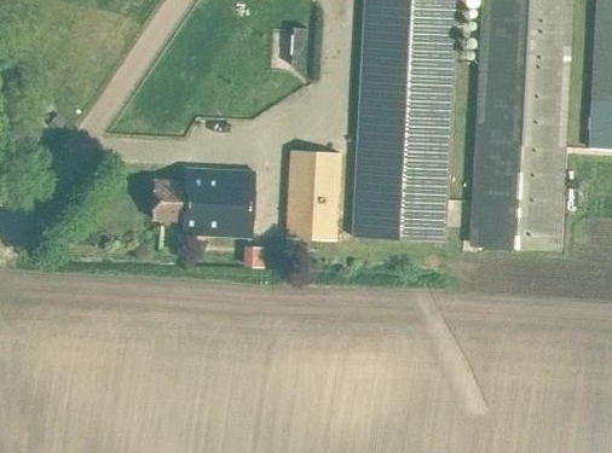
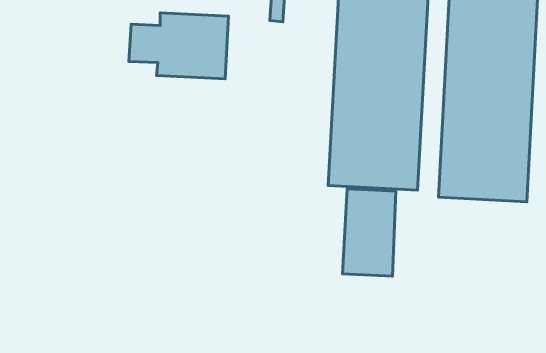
building: [284,151,340,242] -> [342,189,396,276]
building: [152,168,256,237] -> [129,13,229,79]

